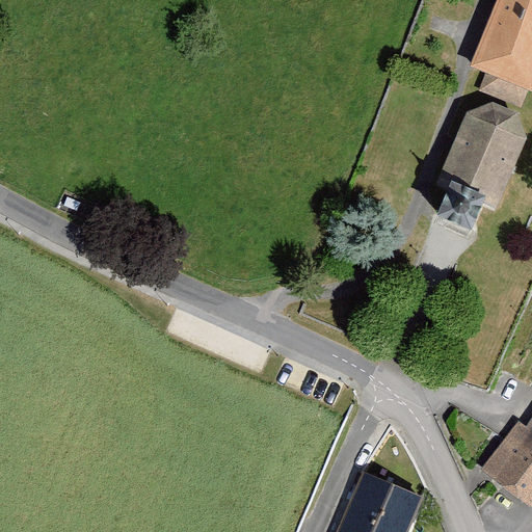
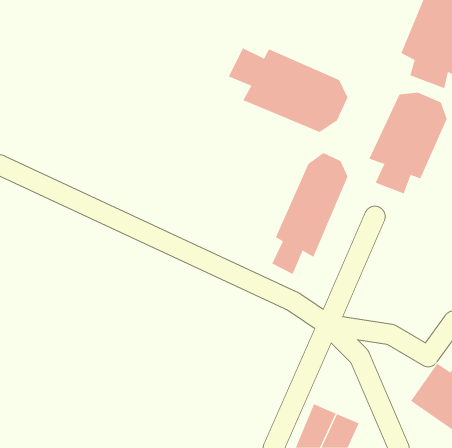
building: none -> [228,48,348,133]
building: none -> [271,152,348,275]

